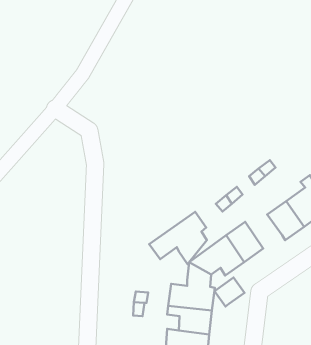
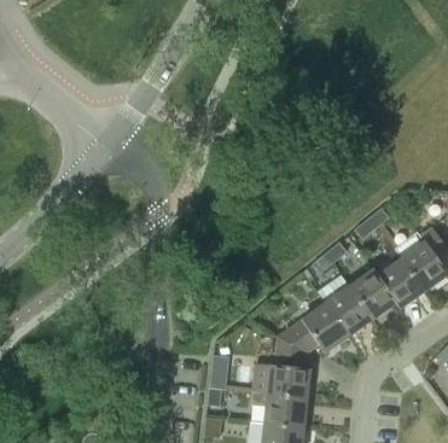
building: none -> [350,269,397,319]
building: [149,212,207,264] -> none
building: [214,277,245,307] -> none

